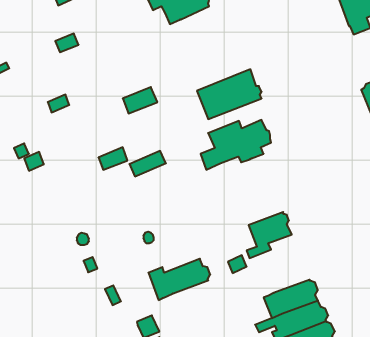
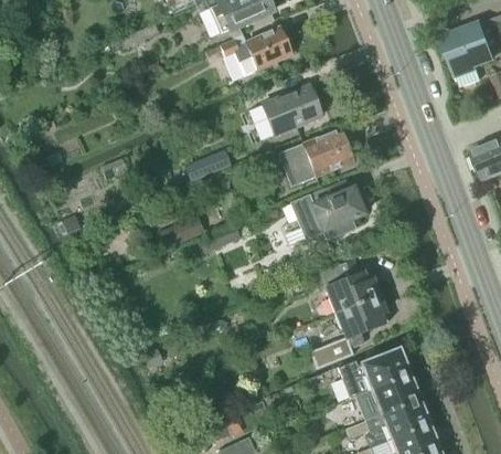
building: none -> [263,84,321,134]
building: none -> [313,258,379,310]
building: [148,259,210,300] -> [339,349,412,398]

